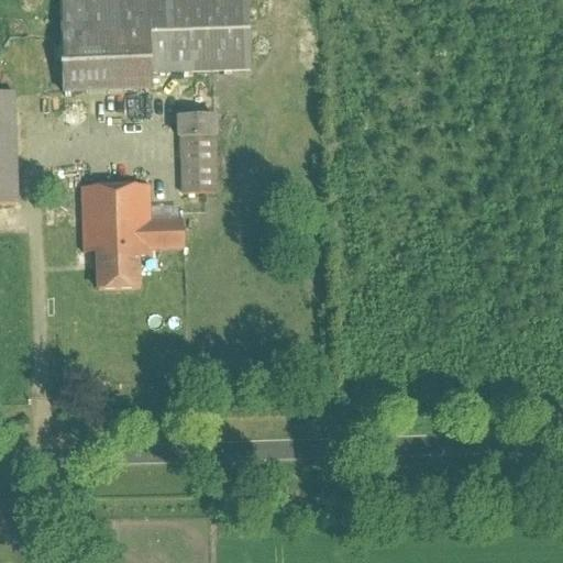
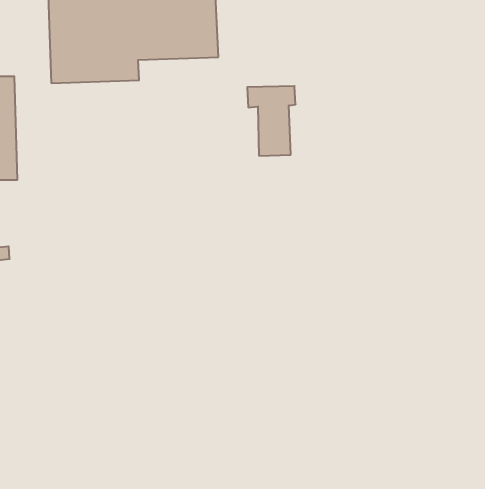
building: [168,112,223,191] -> [247,86,296,156]
building: [65,181,185,285] -> none

